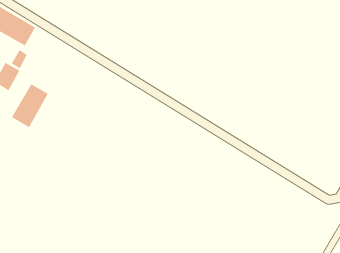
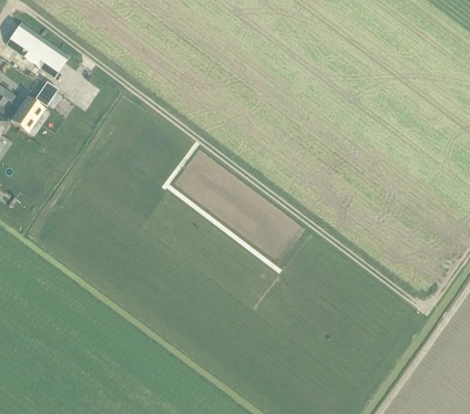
building: [11,84,49,128] -> none

